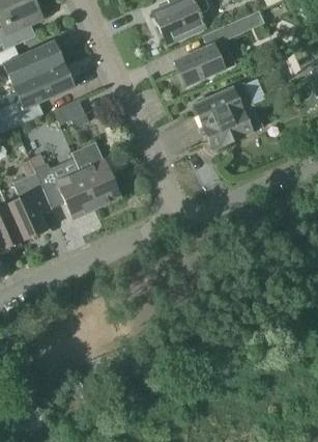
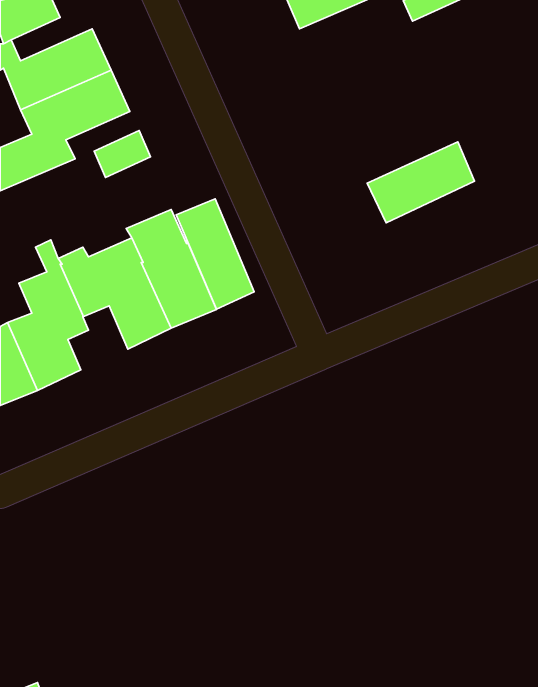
building: [174,38,234,85] -> none
building: [194,83,253,127] -> none
building: none -> [176,199,254,309]

